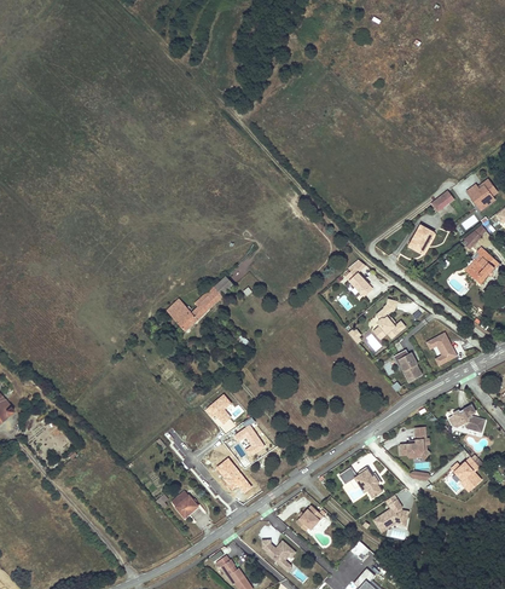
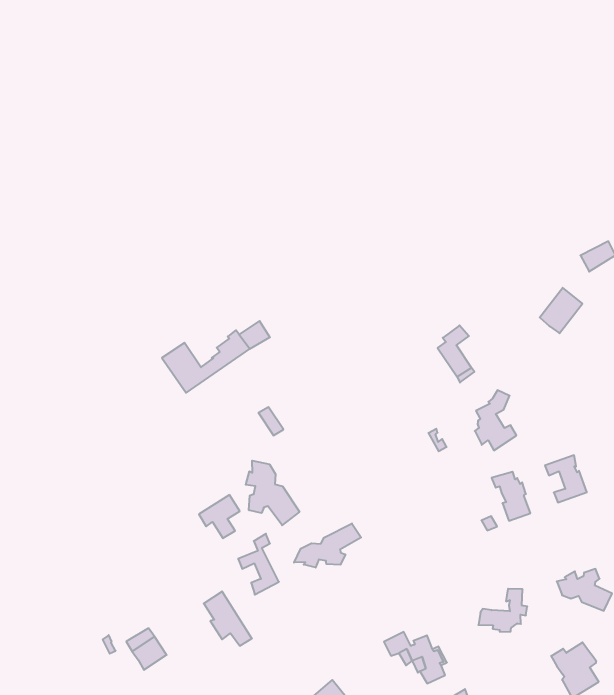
building: none -> [246,461,299,525]
building: none -> [294,523,361,568]

